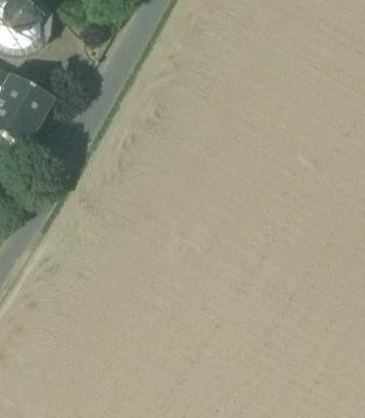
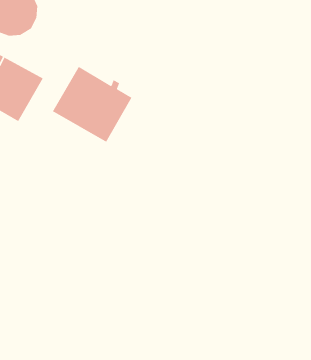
building: none -> [52,66,132,143]

